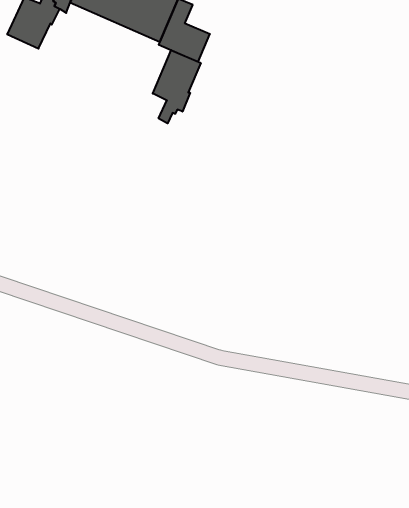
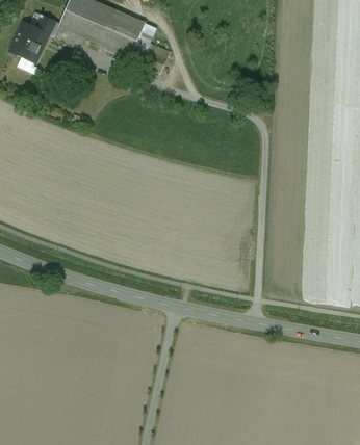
building: [153,50,201,123] -> none

